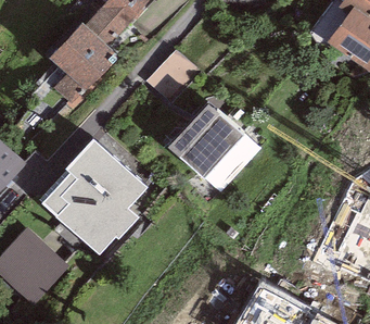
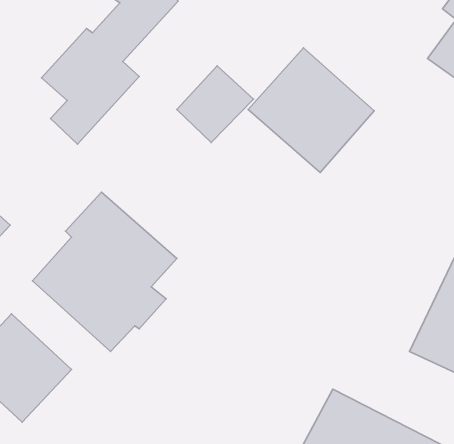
building: [168,102,259,192] -> [248,48,374,173]

